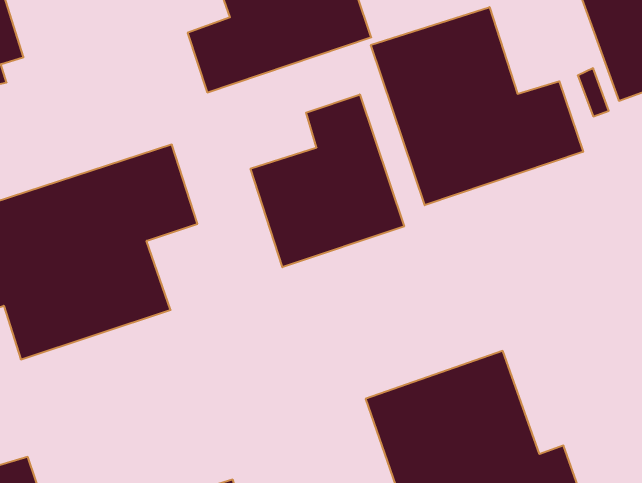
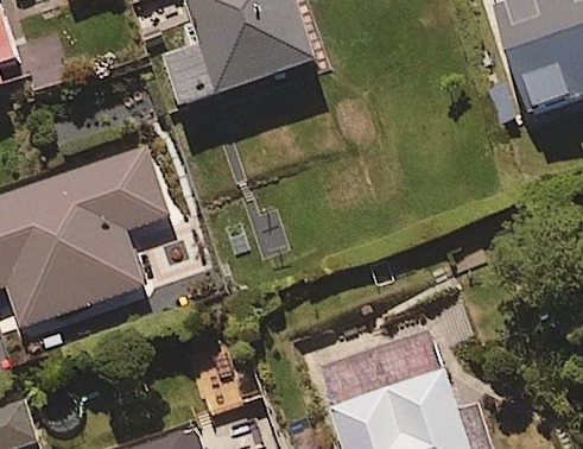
building: [371,7,583,205] -> none
building: [251,94,404,267] -> none

